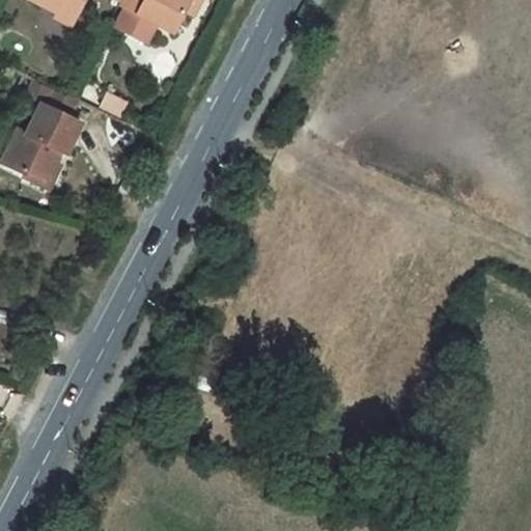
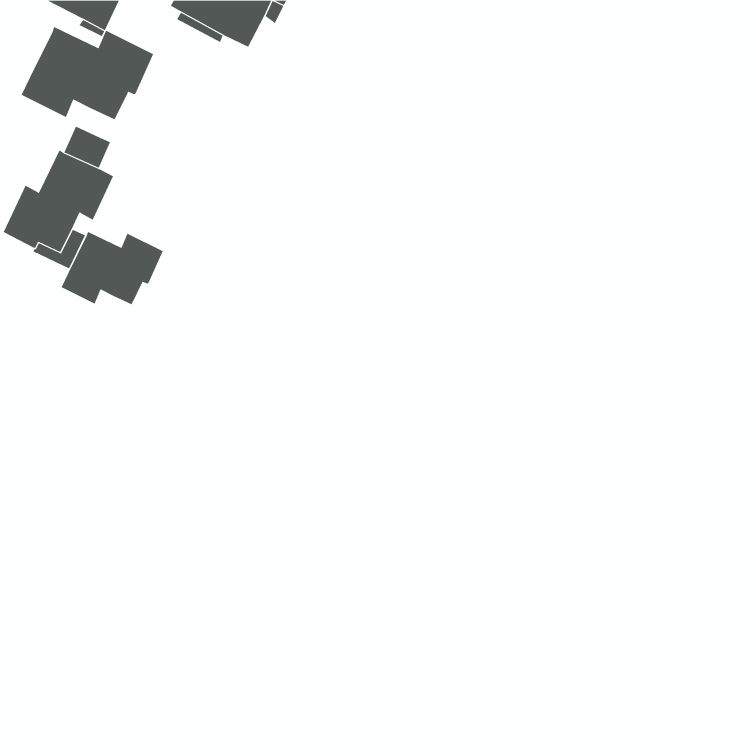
building: none -> [21,26,154,120]
building: none -> [61,231,163,305]

